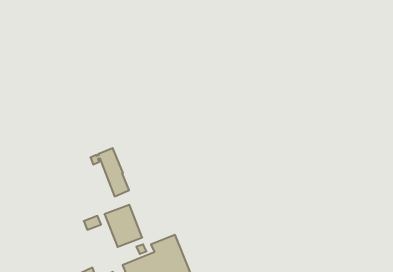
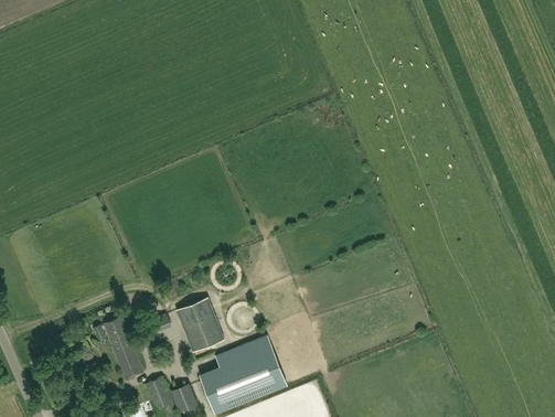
building: [90,148,129,196] -> [93,317,142,378]

